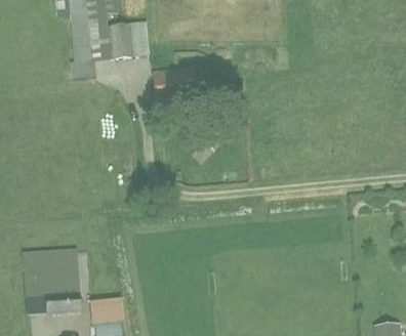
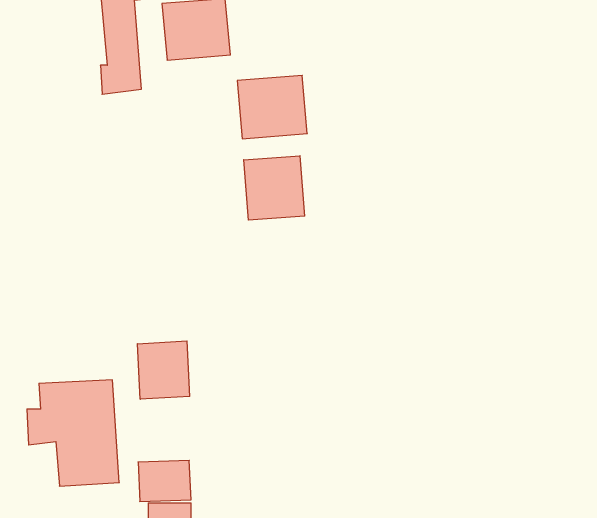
building: none -> [244,156,305,220]
building: none -> [137,341,190,399]

